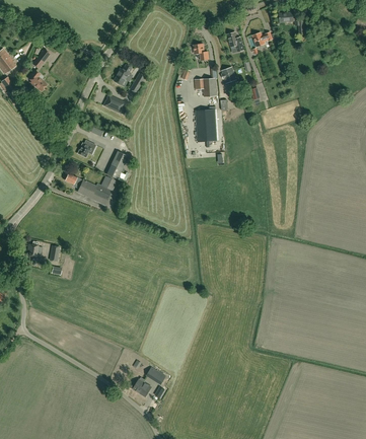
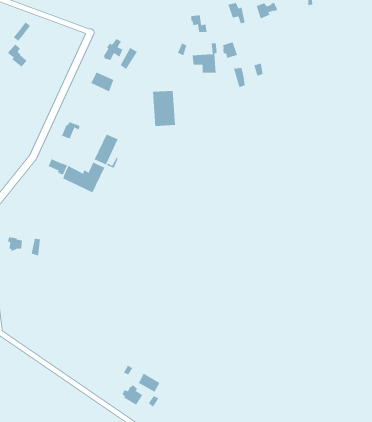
building: [197,109,218,142] -> [152,91,176,126]

